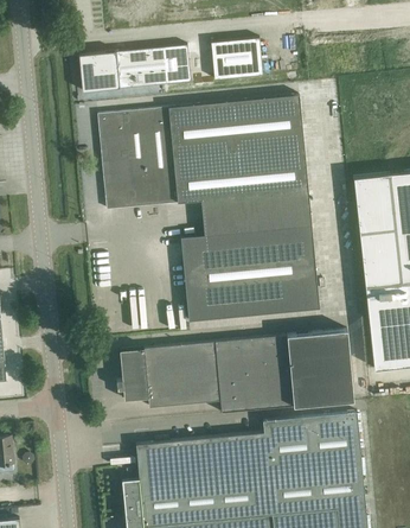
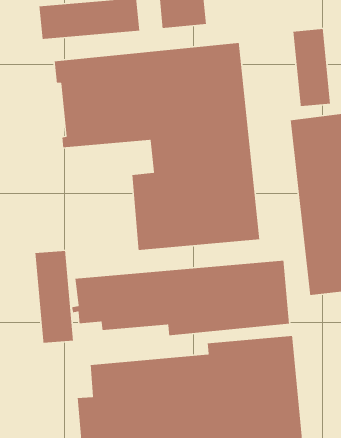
building: none -> [293,28,331,108]
building: none -> [35,250,74,345]

